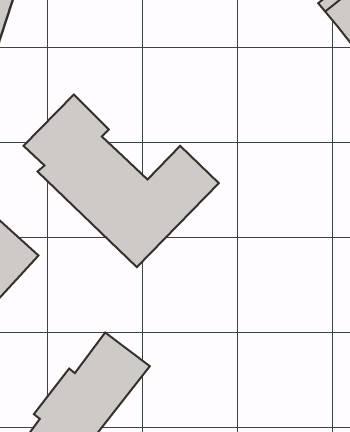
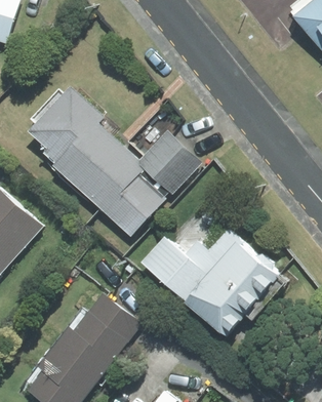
building: none -> [139,230,286,334]

